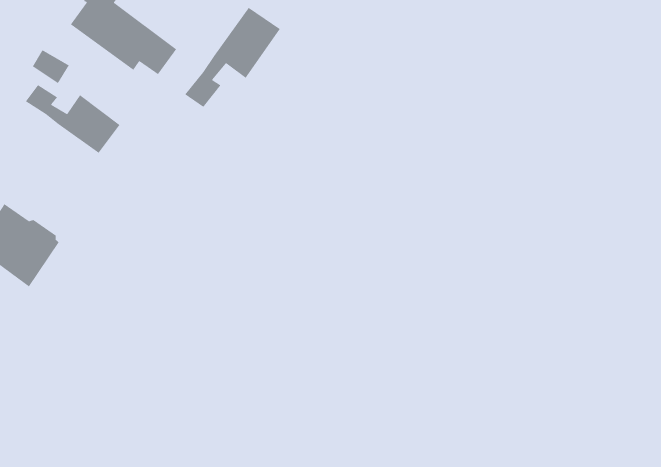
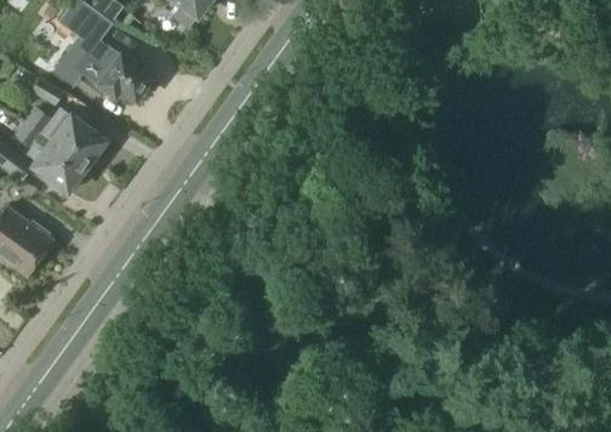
building: [184,7,281,108] -> none
building: none -> [13,121,85,191]

